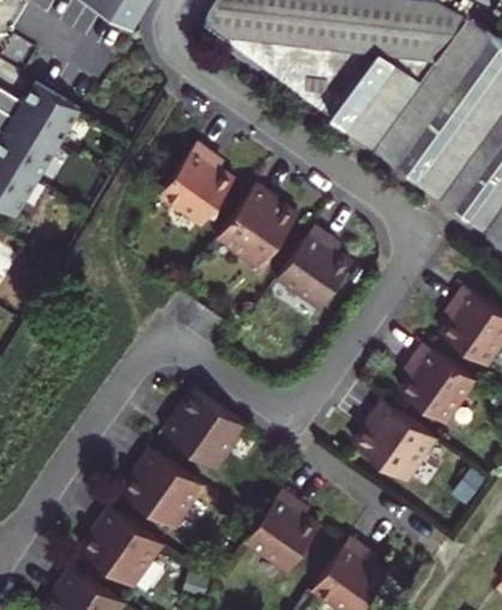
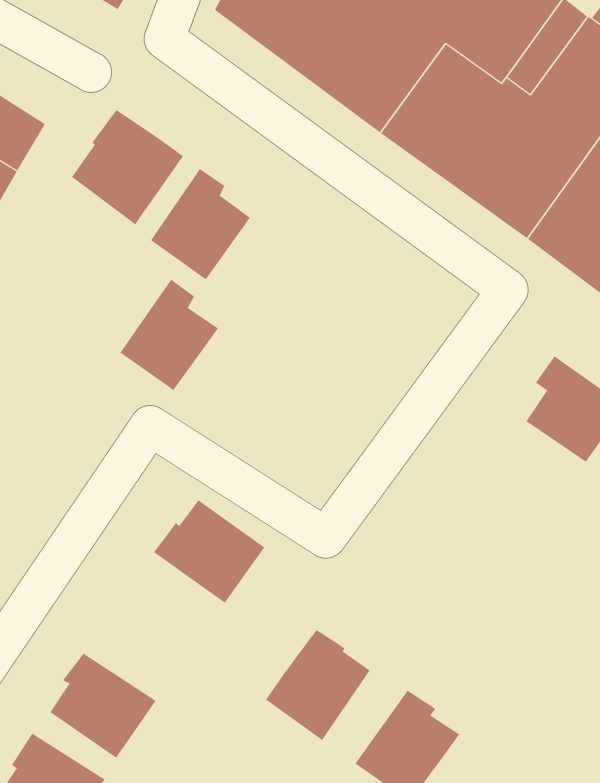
building: none -> [71,109,184,225]
building: [218,186,292,270] -> [120,279,219,391]
building: [276,228,351,312] -> none
building: [400,340,474,422] -> none
building: [359,400,435,481] -> none
building: [122,448,204,529] -> none

